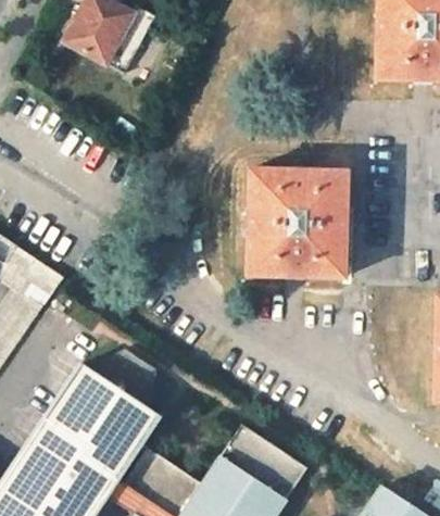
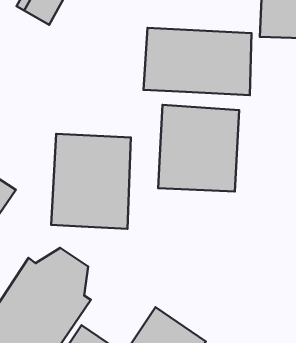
building: none -> [144,28,251,95]
building: none -> [51,134,131,229]

